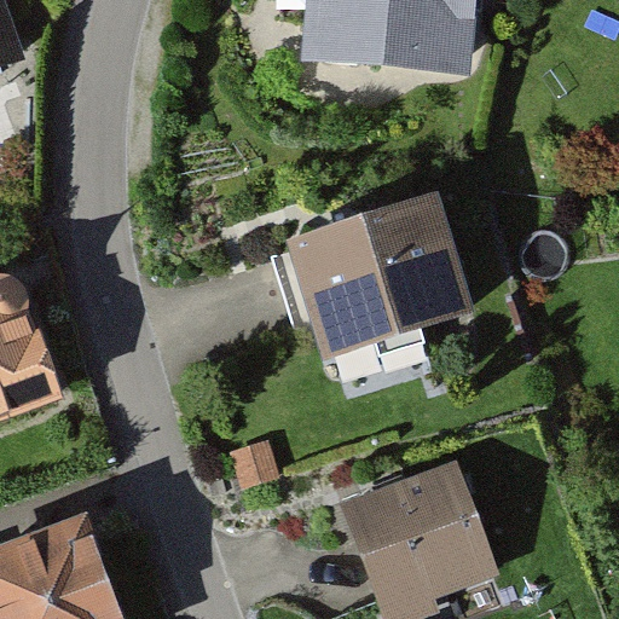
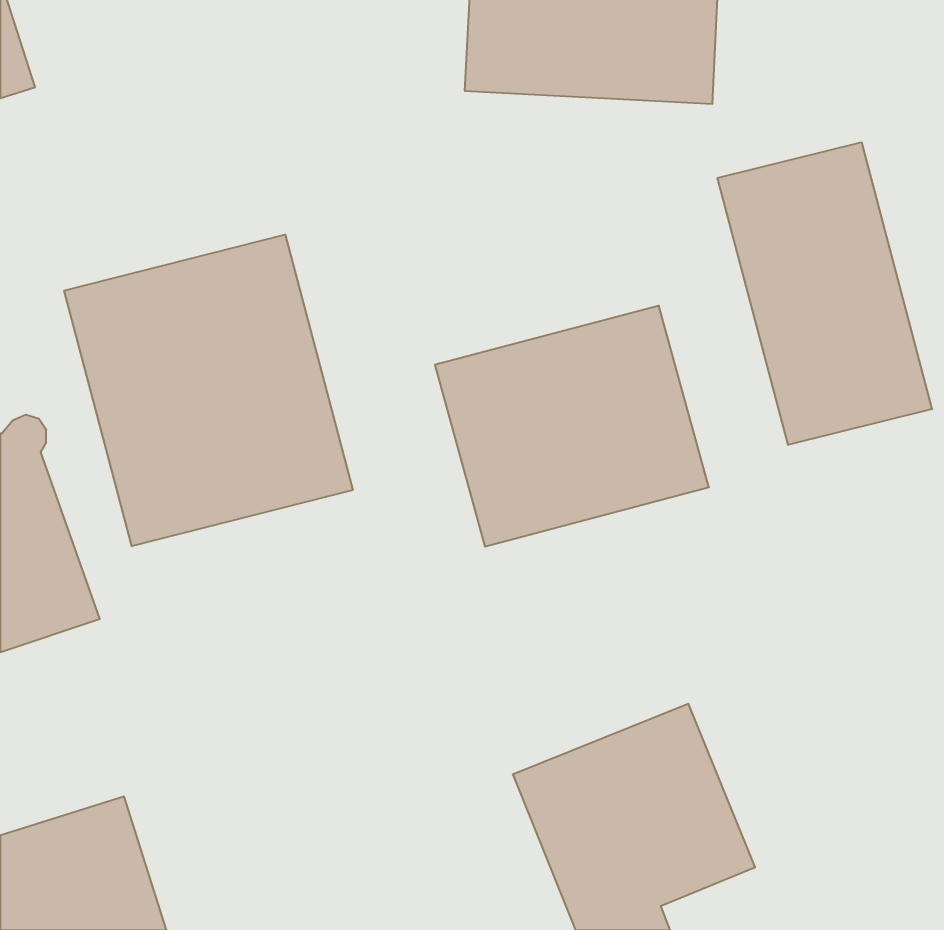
building: none -> [718,142,932,445]
building: none -> [64,234,353,546]

